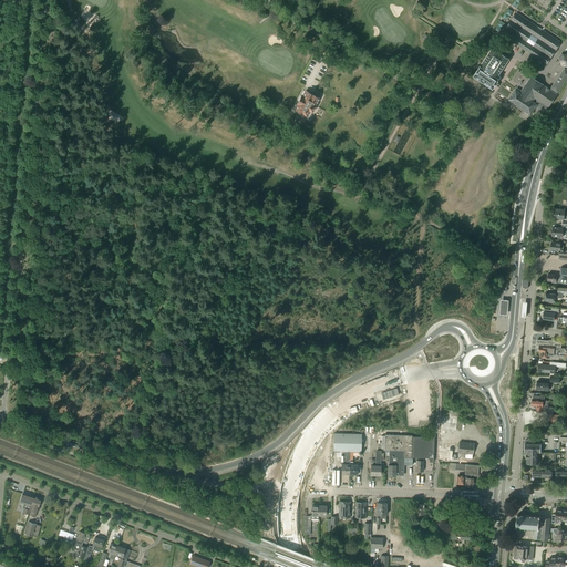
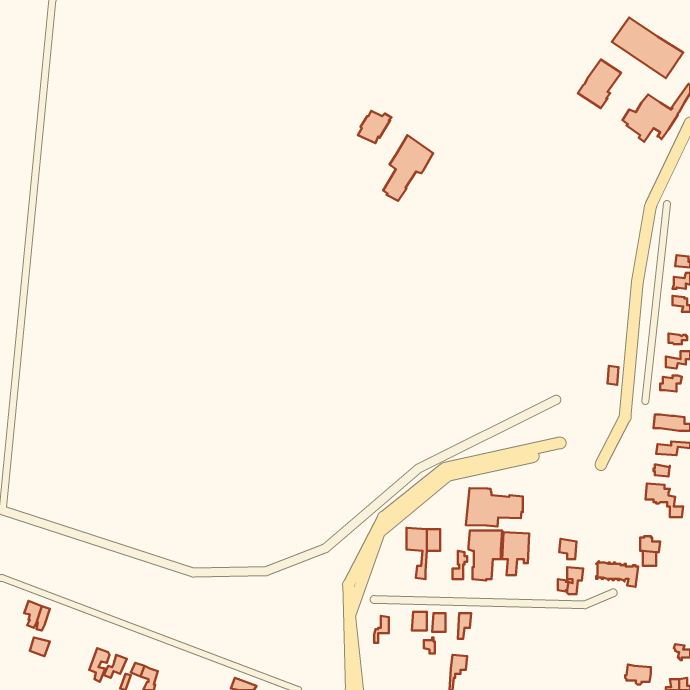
building: none -> [383,135,433,201]
building: none -> [466,488,523,527]
building: [516,514,550,535] -> [596,561,638,587]

